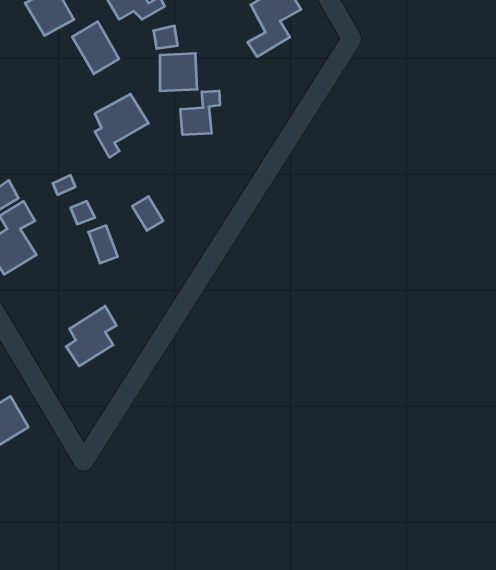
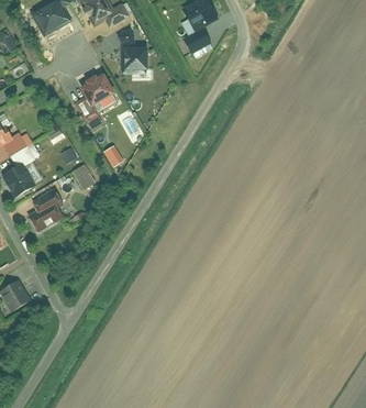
building: [72,22,119,74] -> none
building: [181,91,220,135] -> none
building: [66,306,116,366] -> [30,190,64,231]

